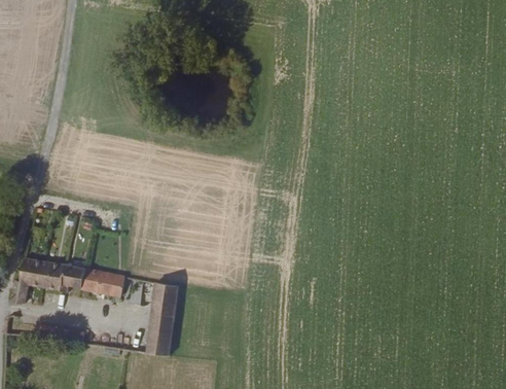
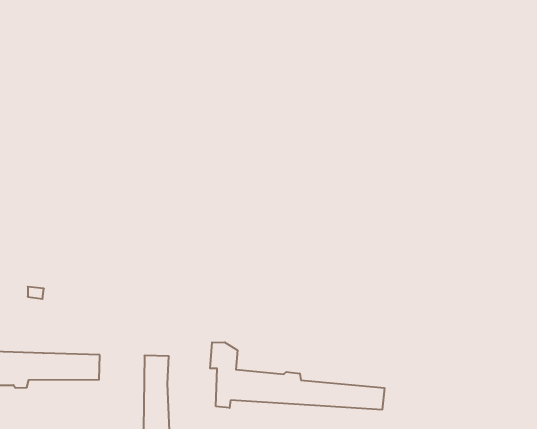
building: none -> [210,342,384,410]

